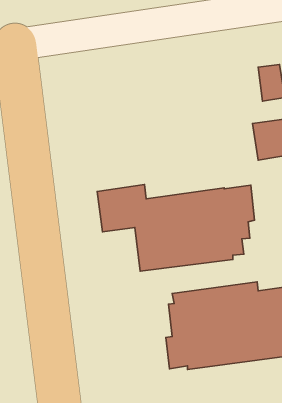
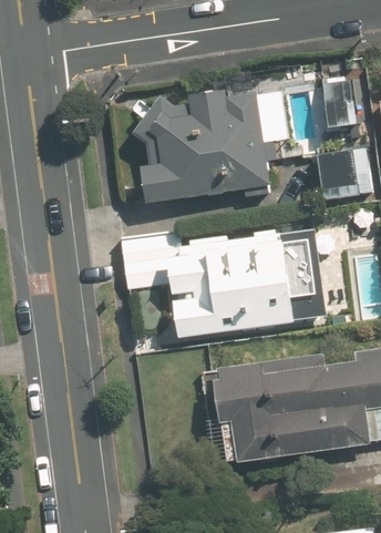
building: none -> [132,89,291,203]

